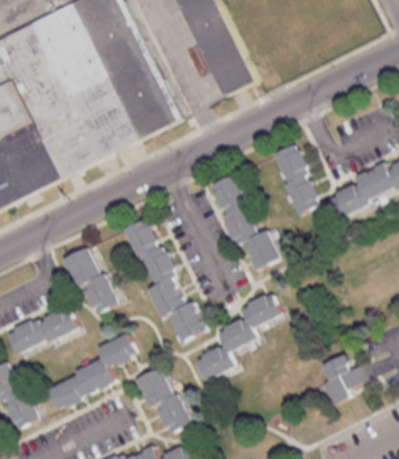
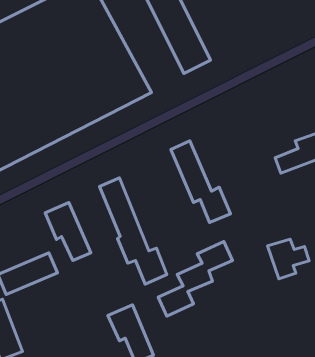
building: [273,143,319,214] -> none
building: [47,334,137,408] -> none
building: [317,357,366,404] -> [267,239,309,279]

